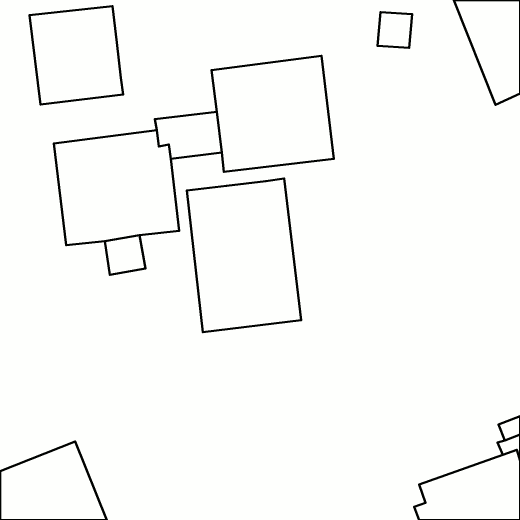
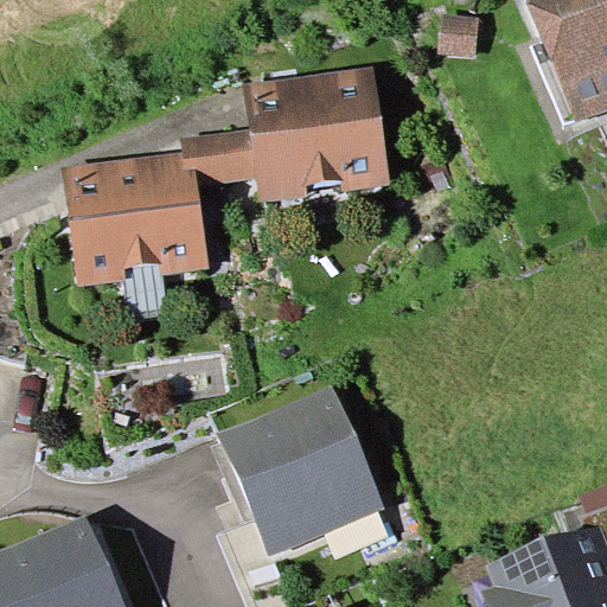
building: [30,6,123,104] -> none
building: [187,179,301,332] -> none
building: none -> [219,384,385,555]

